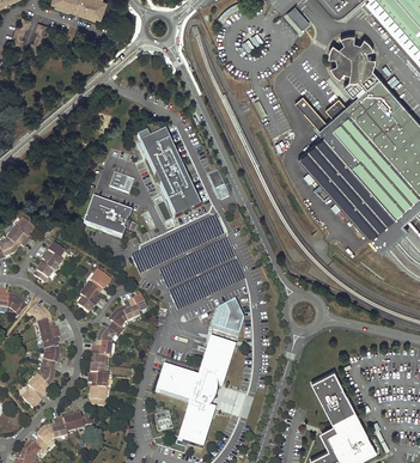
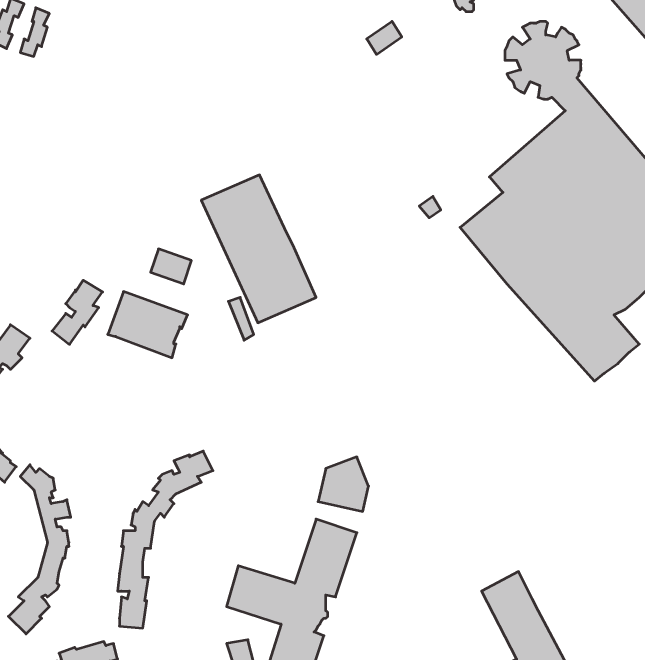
building: [32,244,63,284] -> [52,280,103,344]
building: [77,270,109,313] -> none

